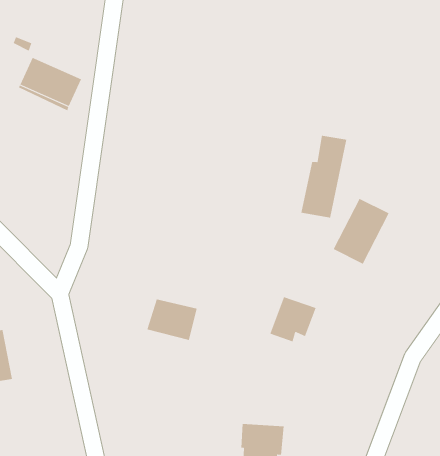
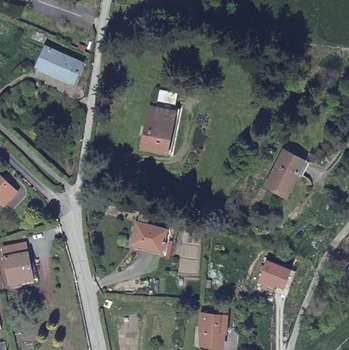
building: [300,135,347,218] -> [143,90,177,150]
building: [270,297,317,342] -> [255,258,289,291]

